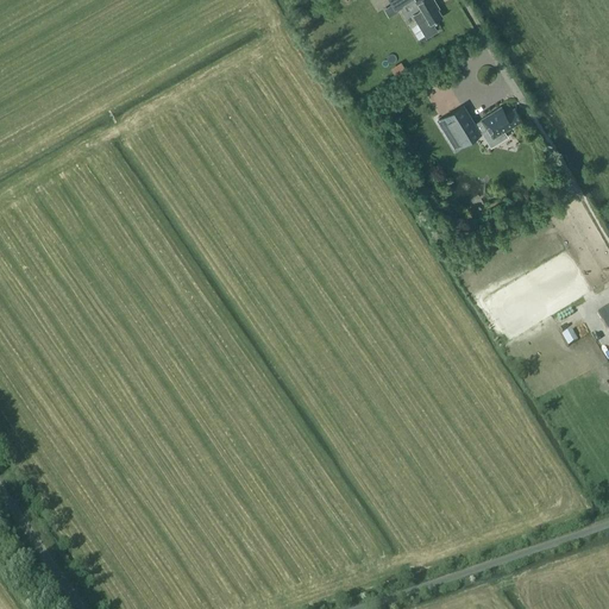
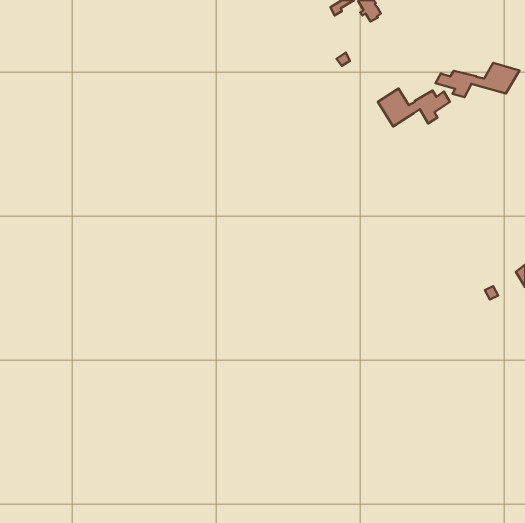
building: none -> [435,63,520,97]

